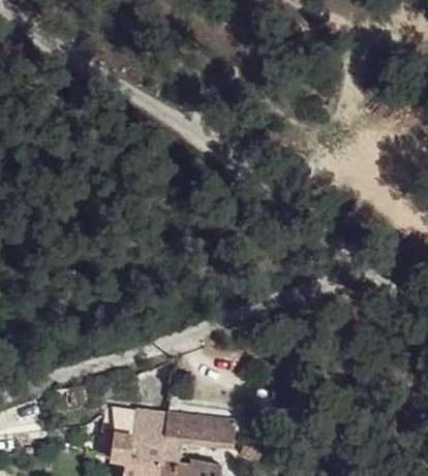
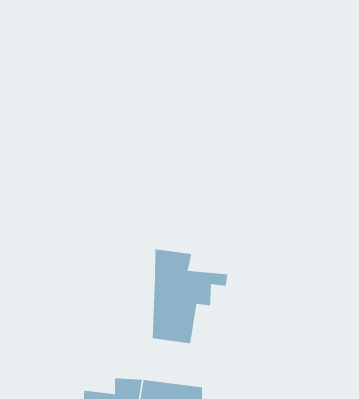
building: none -> [152,249,228,344]

